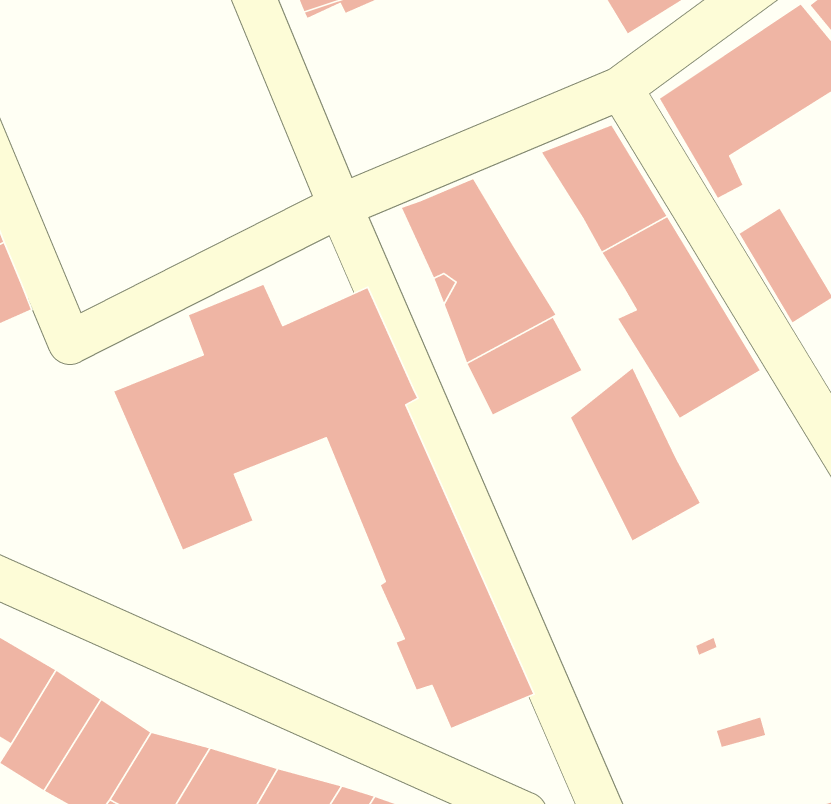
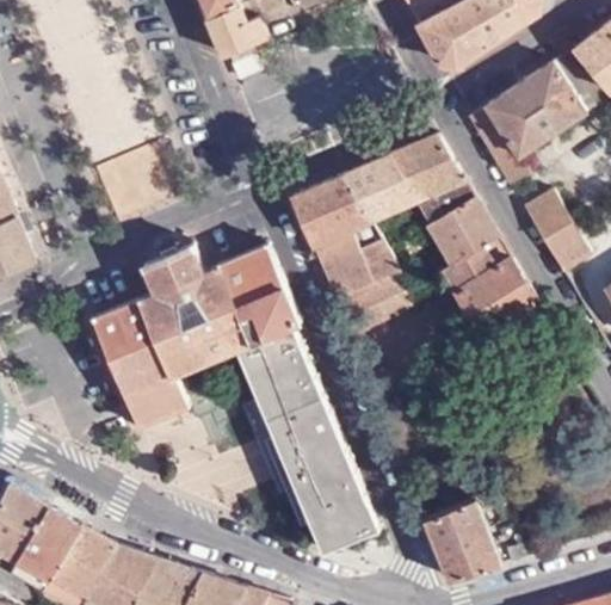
building: none -> [338,153,413,218]
building: [570,367,701,542] -> none
building: none -> [424,499,501,580]

